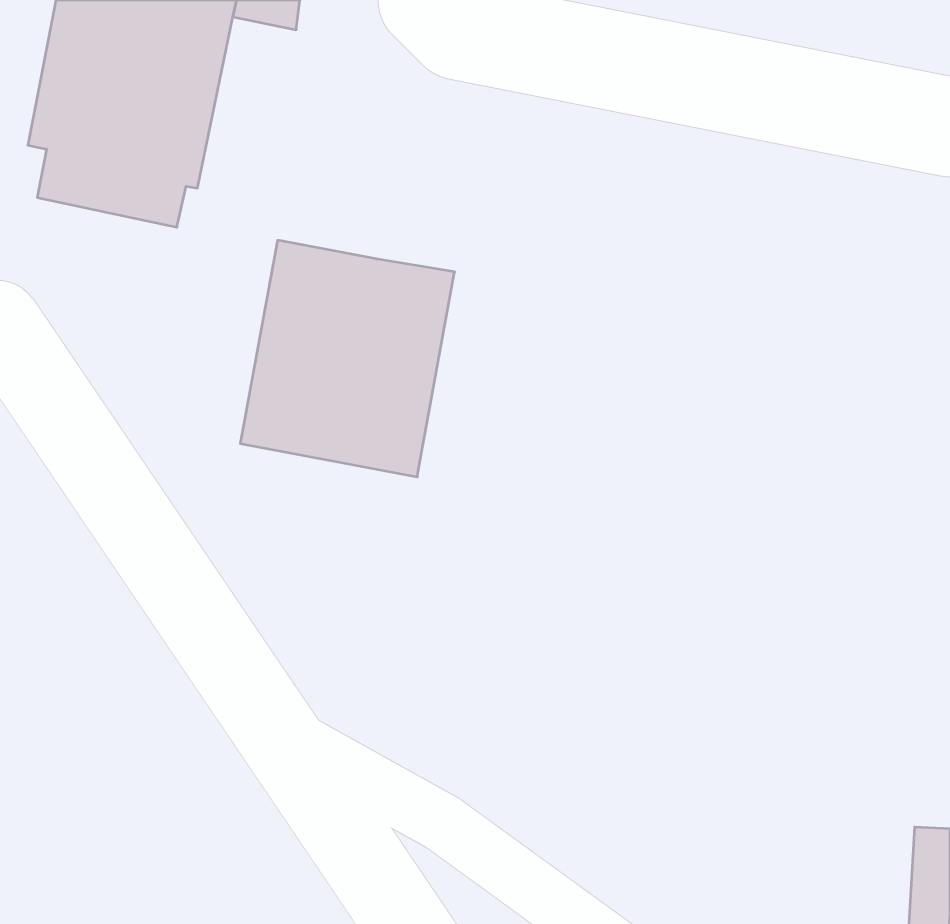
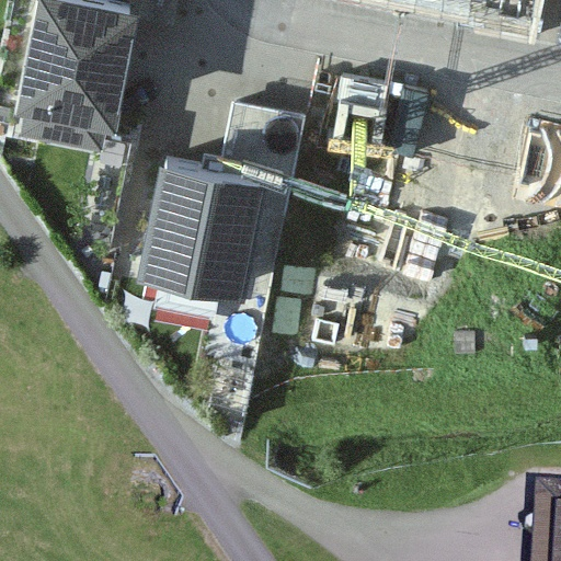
building: none -> [221,111,305,182]

